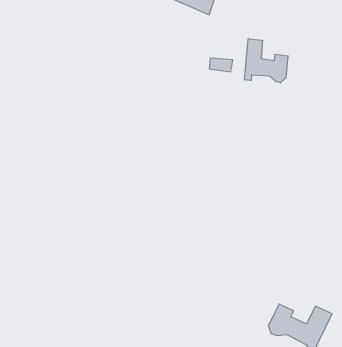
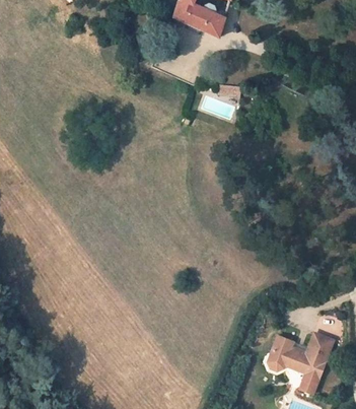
building: [244,39,288,83] -> none

